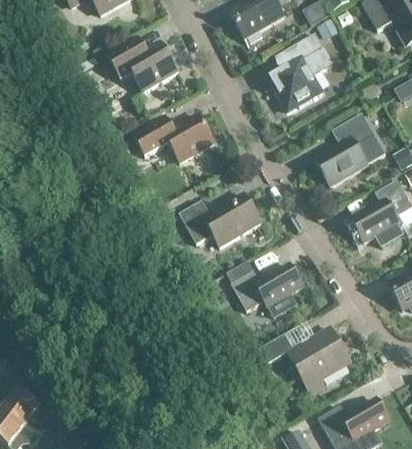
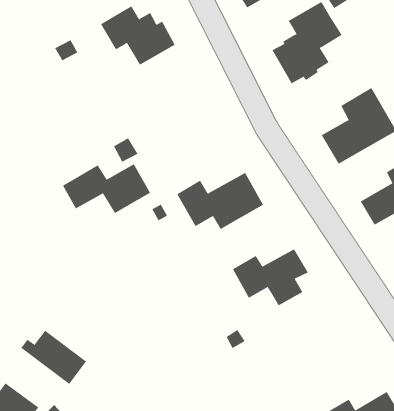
building: [131,114,214,161] -> [62,164,151,214]
building: [257,327,350,394] -> none
building: none -> [20,330,87,385]

